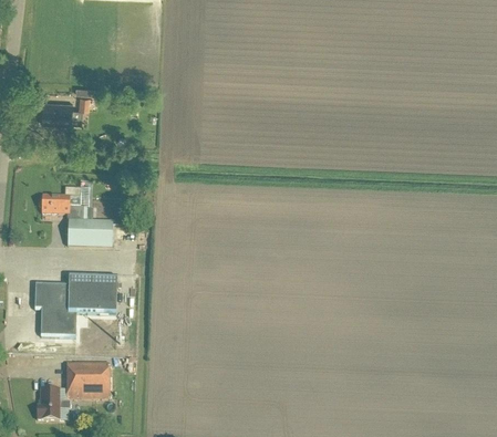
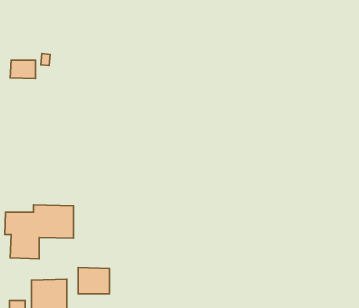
building: [38,186,114,246] -> none
building: none -> [78,268,109,294]

